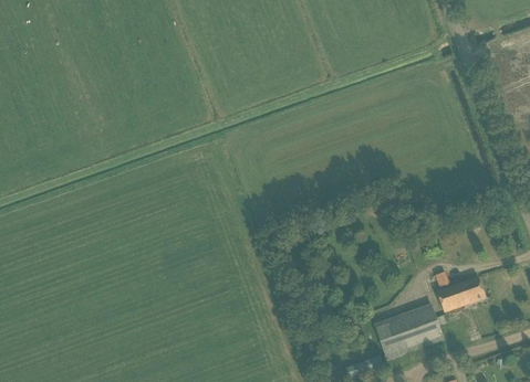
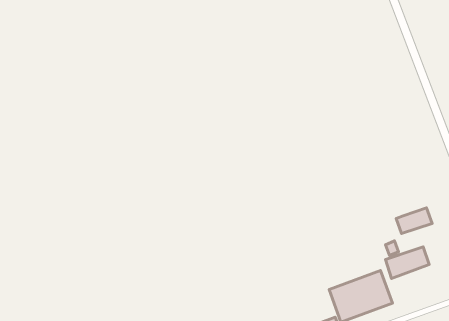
building: none -> [396,208,432,234]

